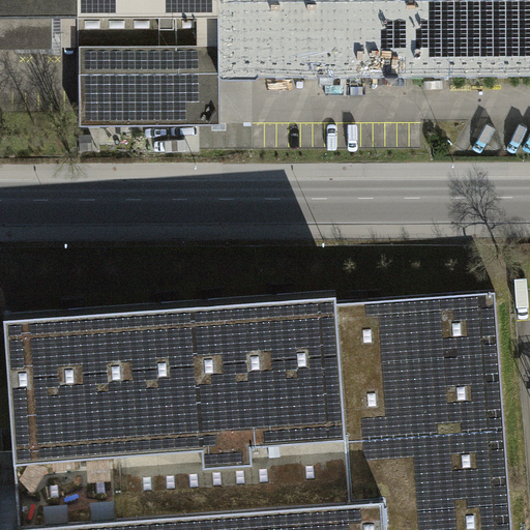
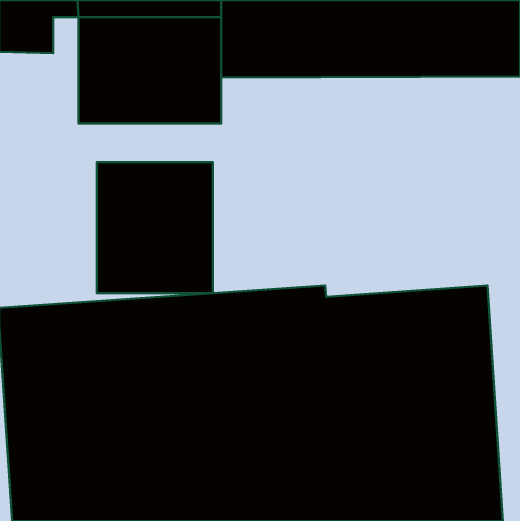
building: none -> [97,162,213,293]

